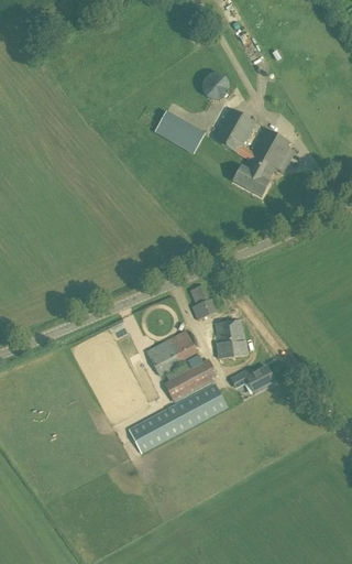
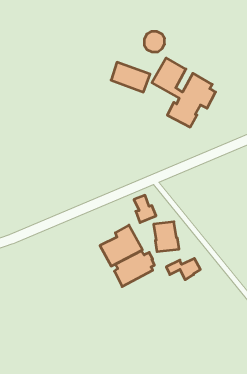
building: [129,383,227,452] -> none

